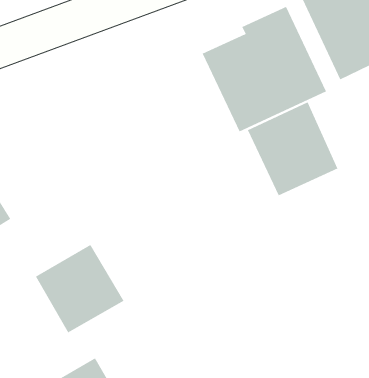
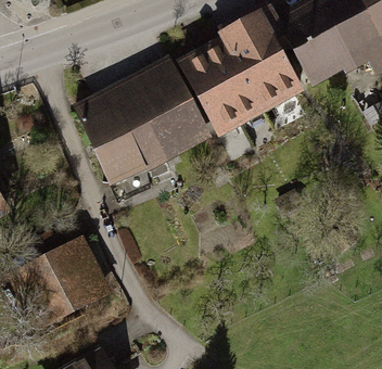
building: none -> [78,63,213,187]
building: [247,102,338,196] -> none

